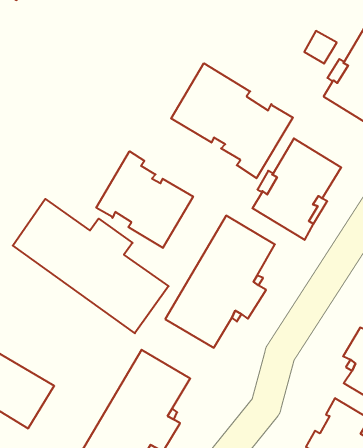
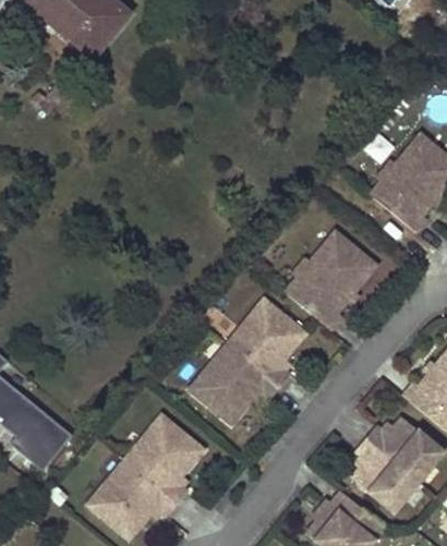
building: [171,63,293,178] -> none
building: [96,151,193,248] -> none
building: [13,199,169,333] -> none

